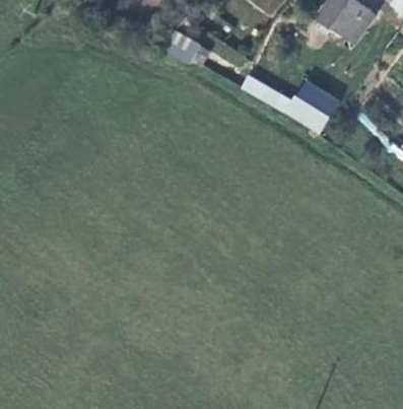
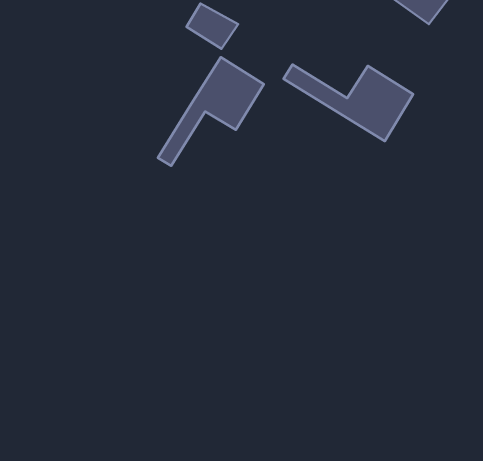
building: none -> [158,57,264,166]

